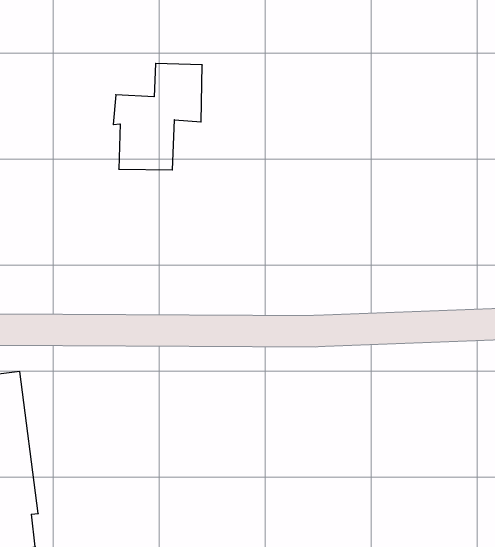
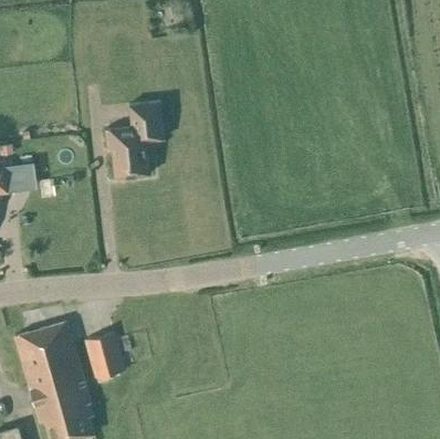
building: none -> [83,332,125,379]

